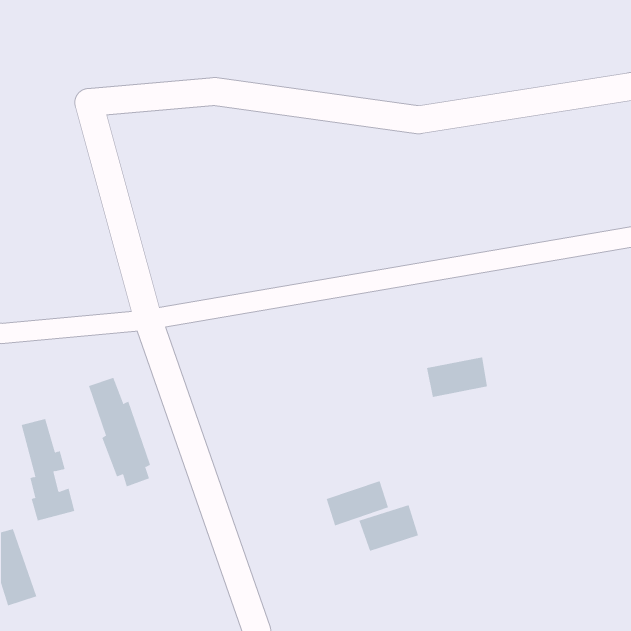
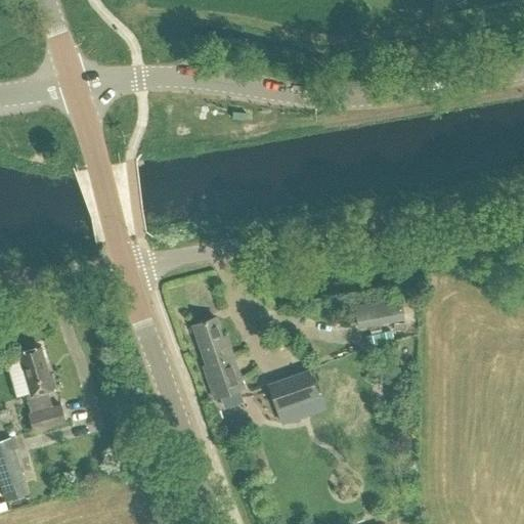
building: [88,377,151,487] -> [192,317,245,408]
building: [358,505,419,551] -> [267,370,317,409]

